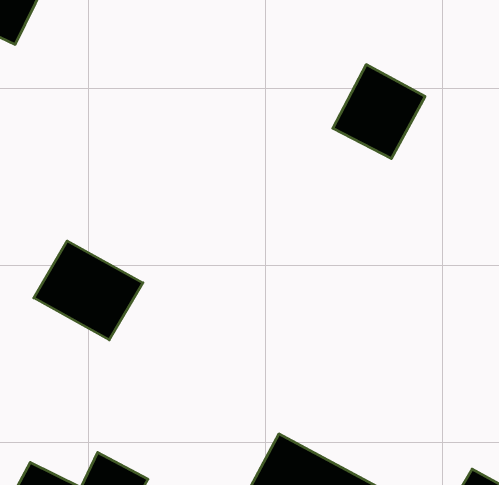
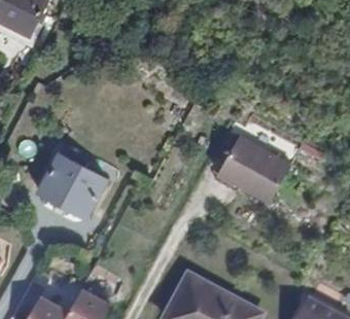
building: [333,65,425,159] -> [219,134,276,191]

